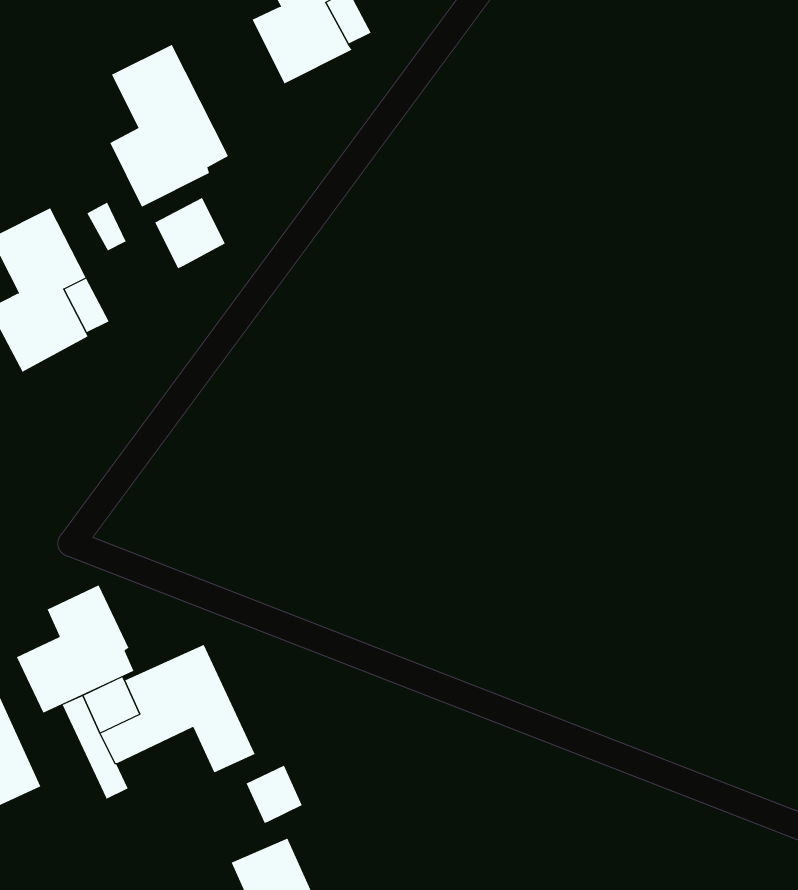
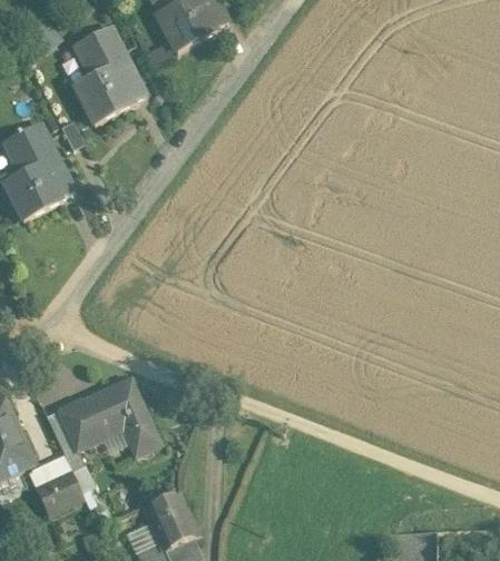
building: [154,197,226,269] -> none
building: [16,584,134,713] -> none
building: [246,765,303,824] -> none
building: none -> [35,469,84,512]

